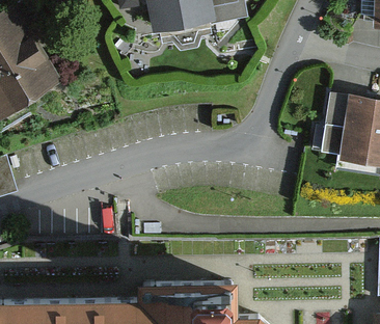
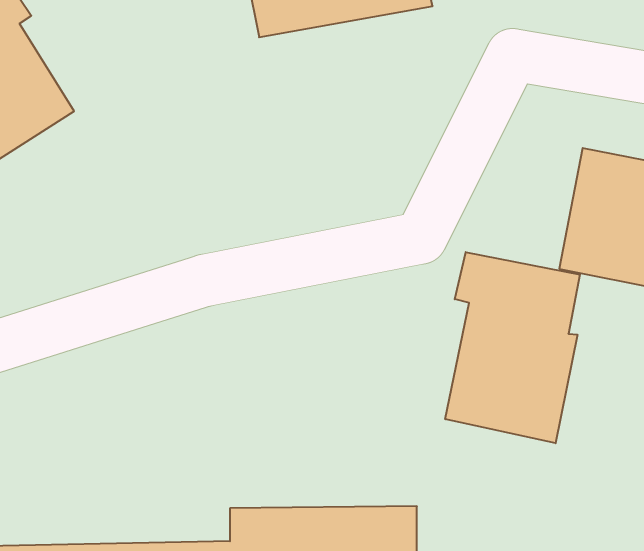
building: none -> [445,252,580,443]

